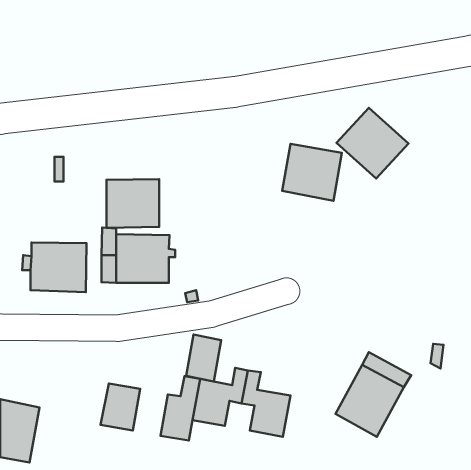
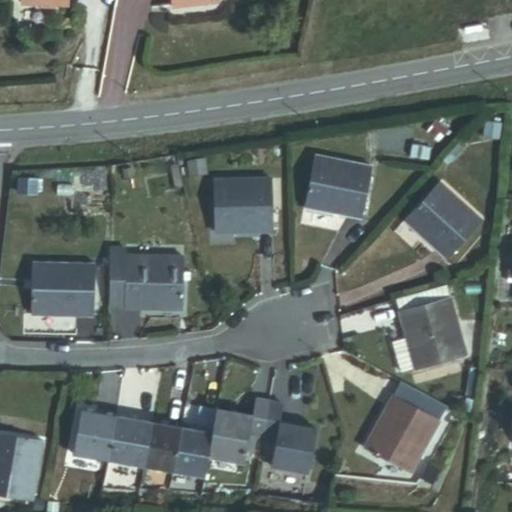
building: [337,108,409,179] -> [404,182,482,259]
building: [107,179,159,228] -> [216,179,273,232]
building: none -> [392,282,467,370]
building: [186,335,221,382] -> [144,422,182,473]
building: none -> [74,409,118,461]

